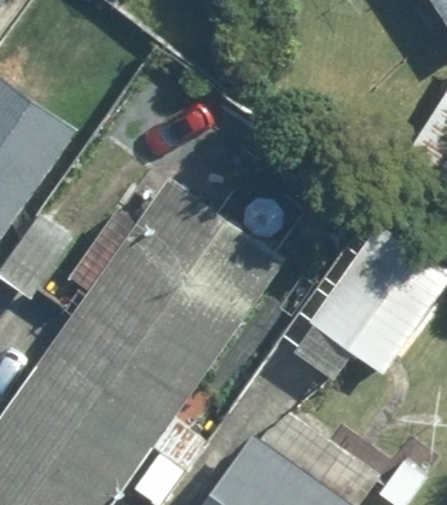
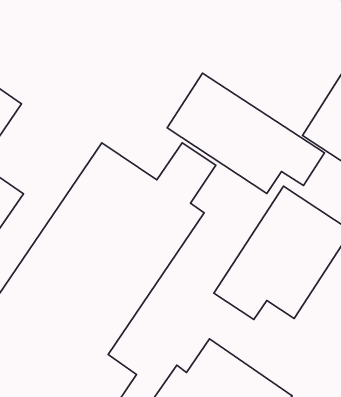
building: none -> [167,73,324,194]

